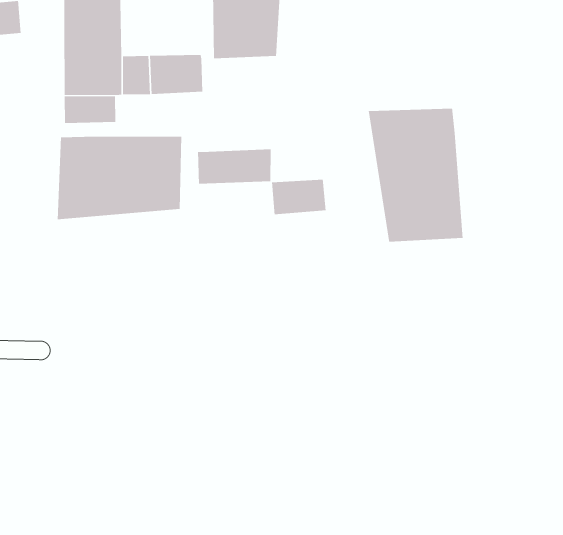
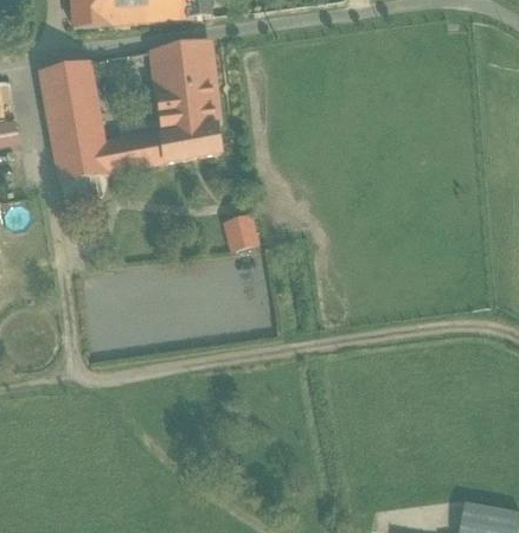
building: [368,108,464,242] -> none
building: [57,136,182,220] -> none
building: [197,149,272,184] -> [161,127,220,162]

